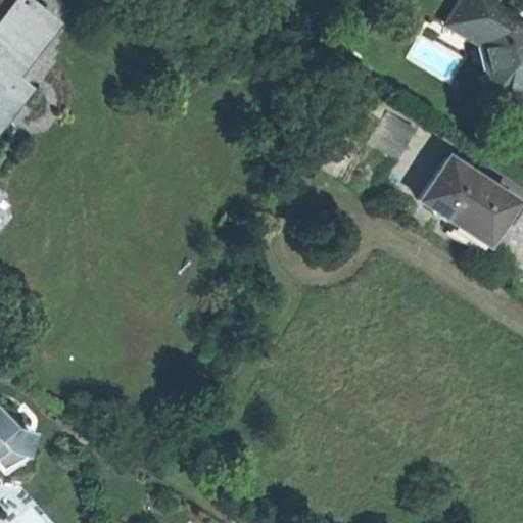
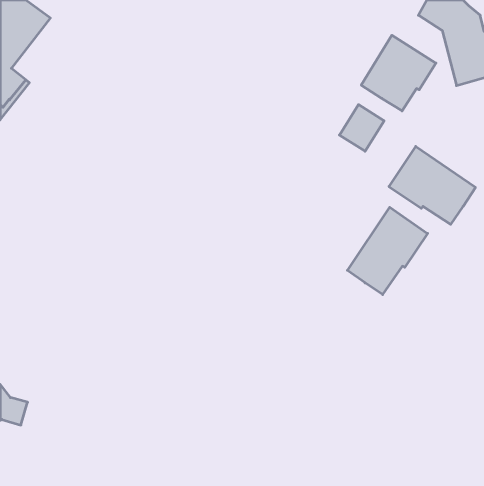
building: none -> [361,35,436,111]
building: none -> [347,207,428,295]

